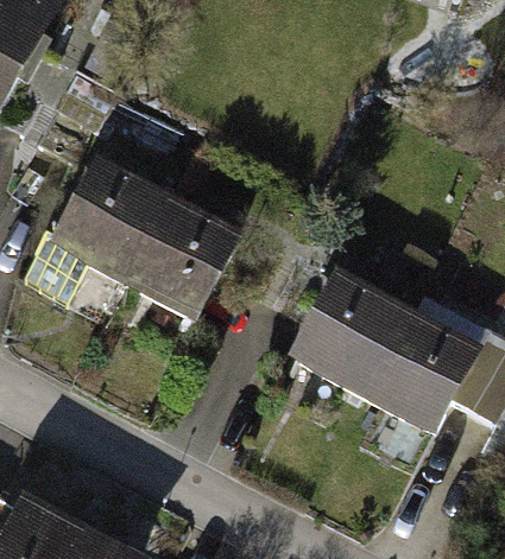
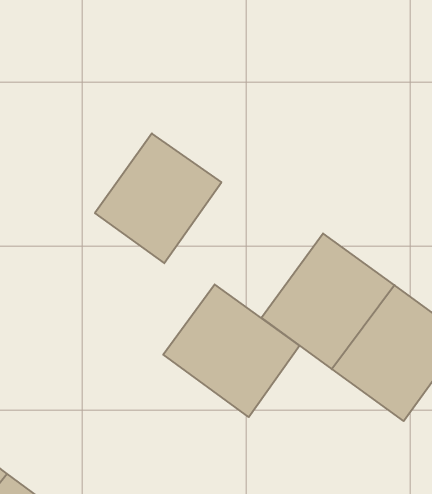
building: [53,173,164,288] -> none
building: none -> [163,284,300,417]

